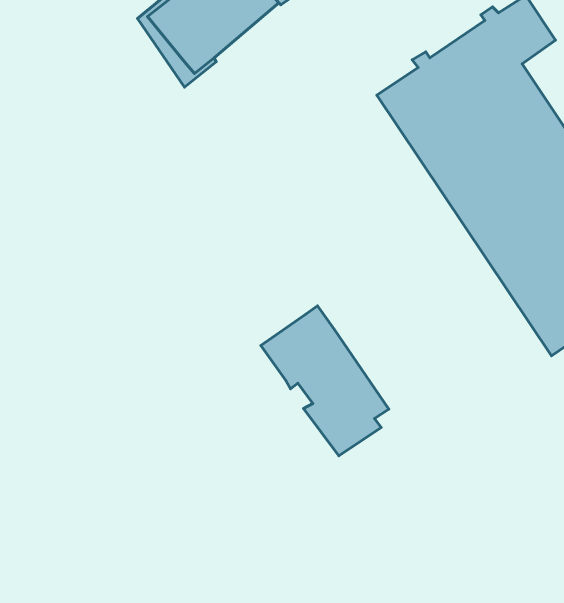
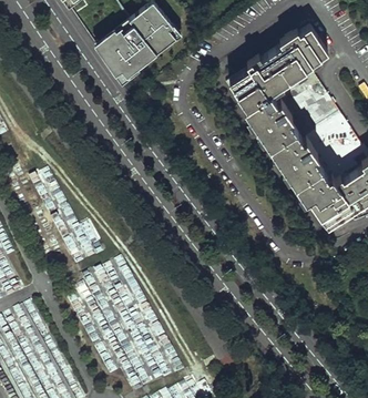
building: [261,306,389,456] -> none

